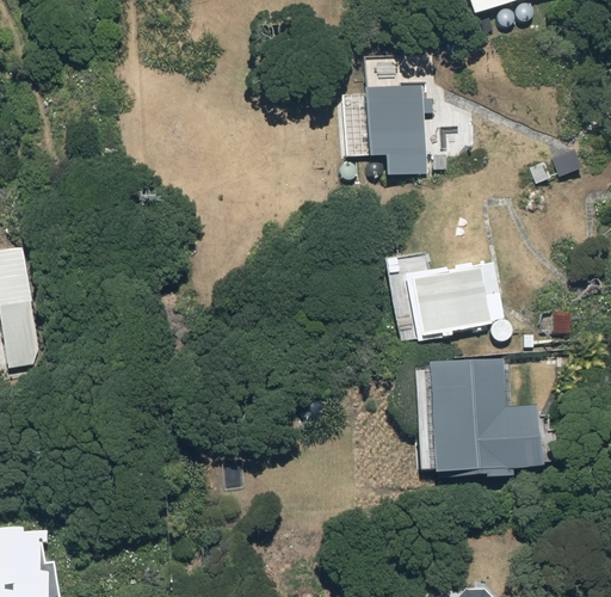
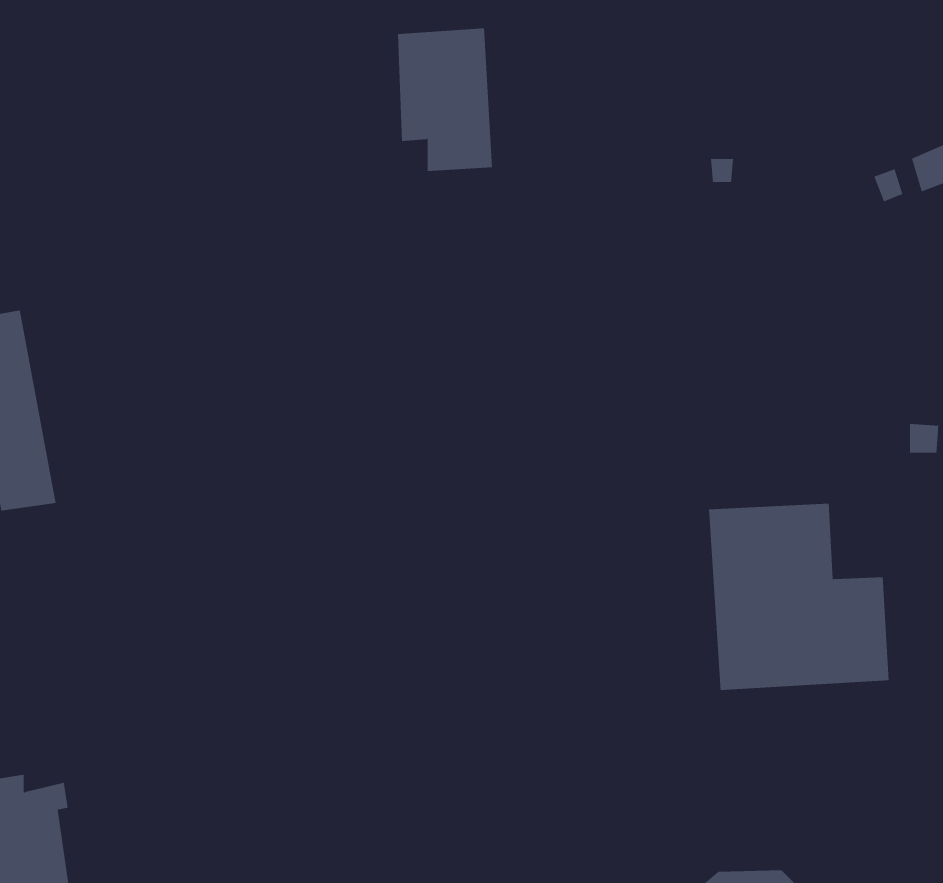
building: [368,88,425,174] -> [397,28,493,171]
building: [413,263,502,337] -> none

